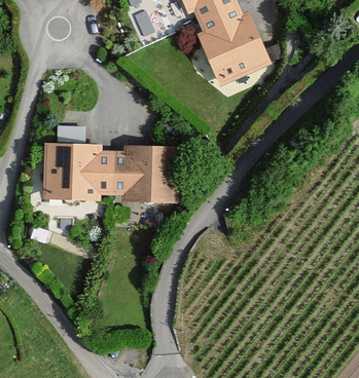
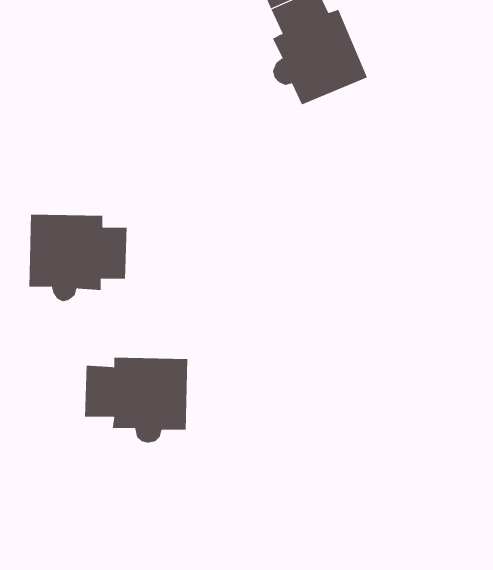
building: [109,150,175,204] -> [84,357,188,443]

